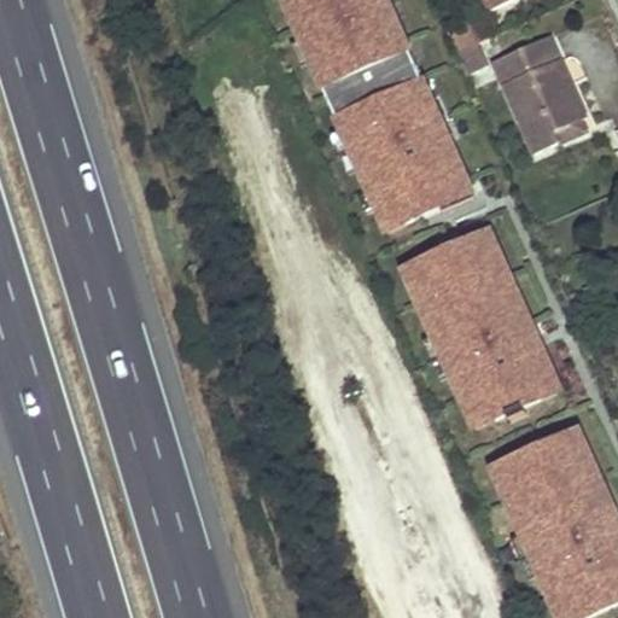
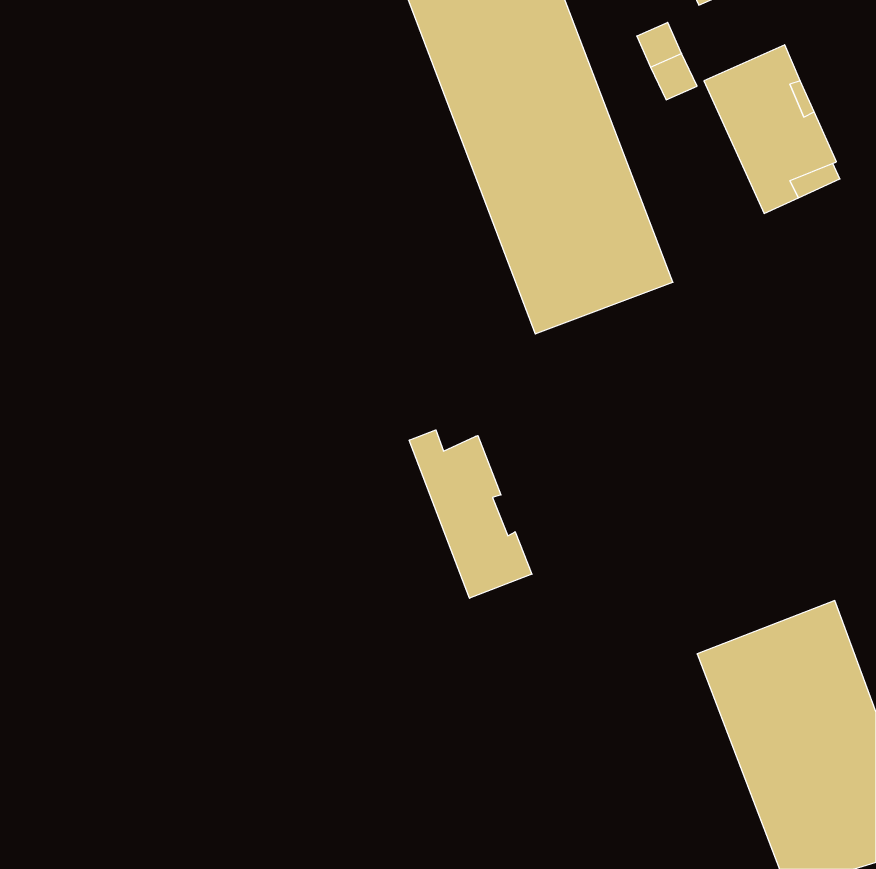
building: [400,223,561,430] -> none
building: none -> [409,430,532,598]

